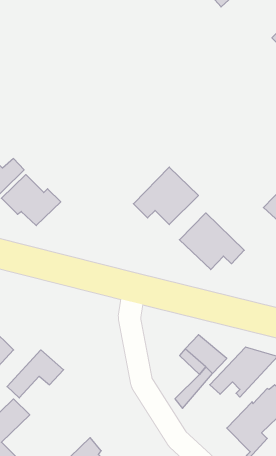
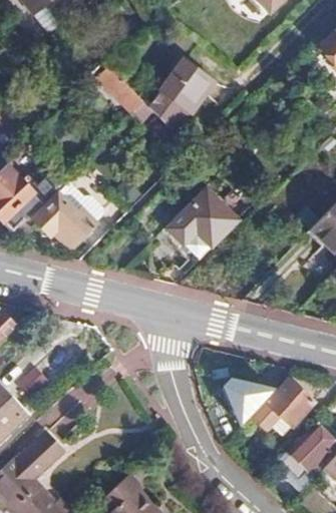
building: none -> [148,57,215,133]
building: none -> [87,67,142,114]
building: [179,213,244,270] -> none

